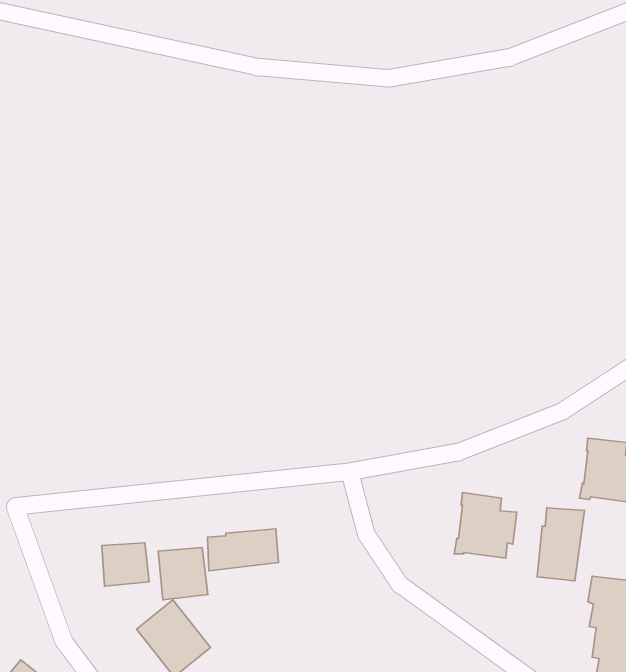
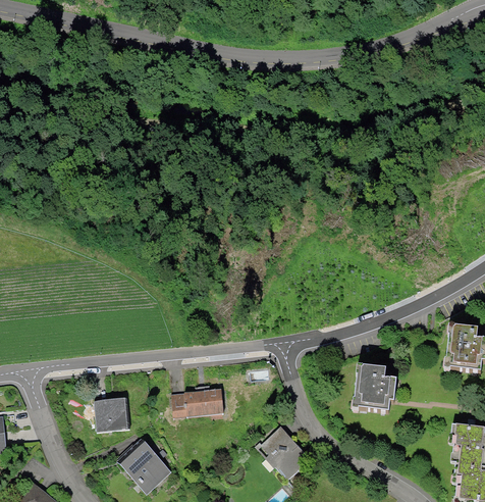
building: [537,508,585,581] -> none
building: [158,548,208,600] -> none
building: none -> [255,426,310,479]

